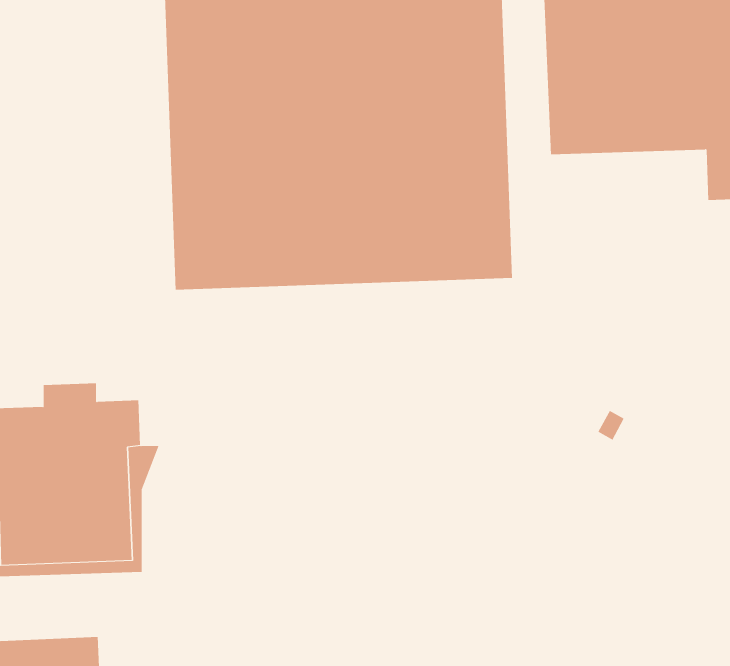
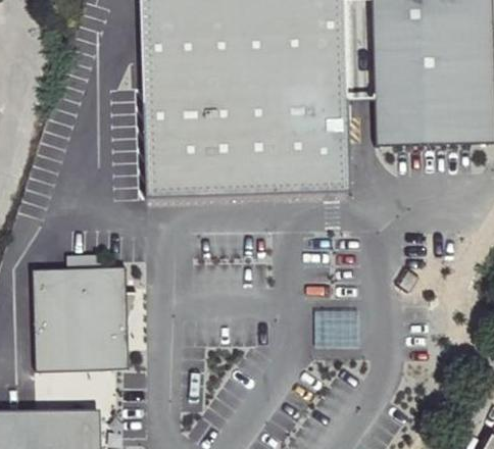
building: none -> [374,113,468,148]

